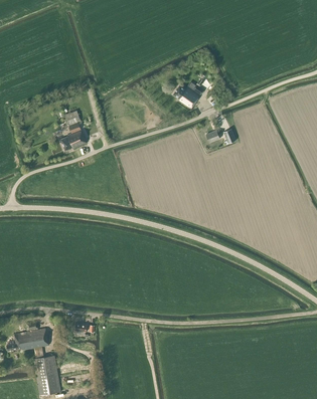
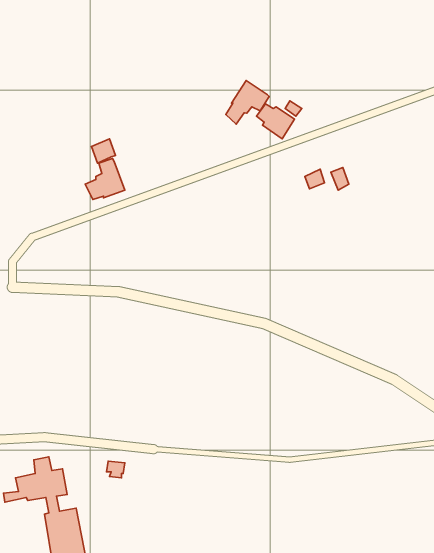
building: none -> [226,81,269,124]

